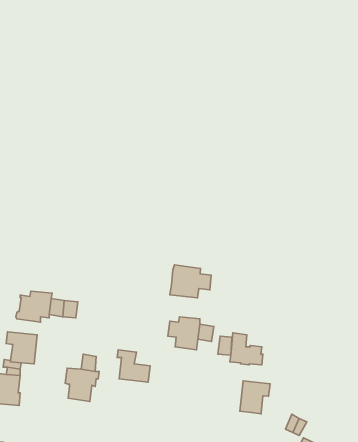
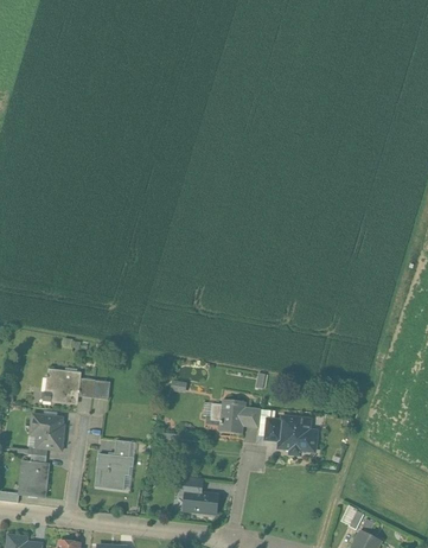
building: [170,265,211,298] -> none
building: [117,350,150,382] -> [180,477,217,512]
building: [240,381,270,414] -> none

